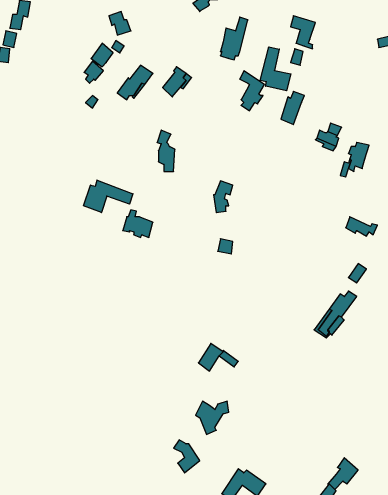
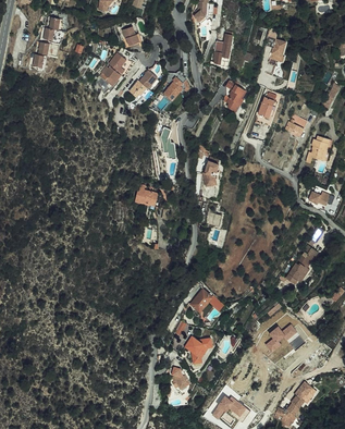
building: [260,47,291,91] -> none
building: [84,180,133,213] -> none
building: none -> [264,322,305,352]

